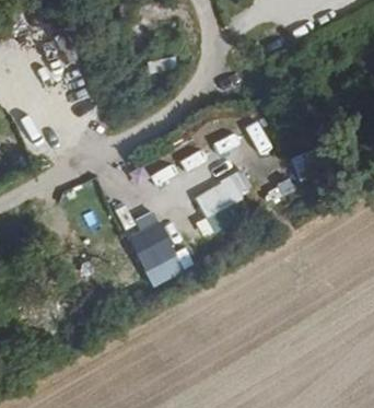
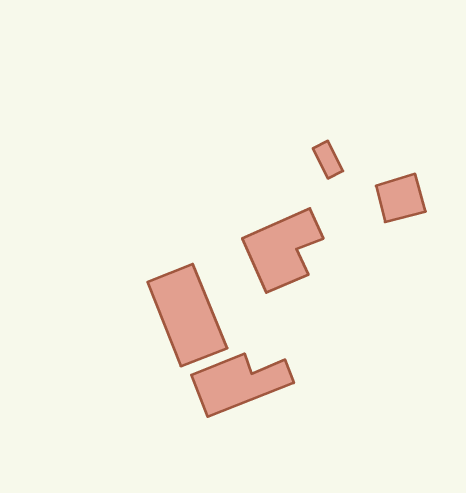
building: none -> [191,354,294,417]

